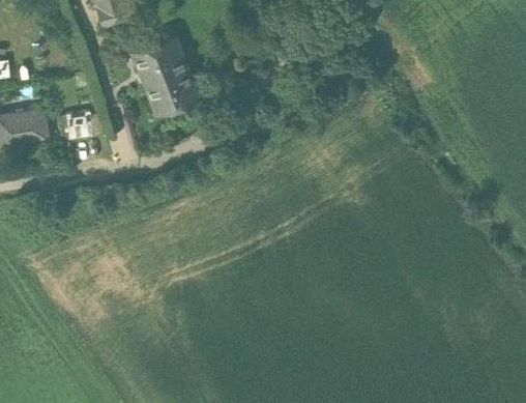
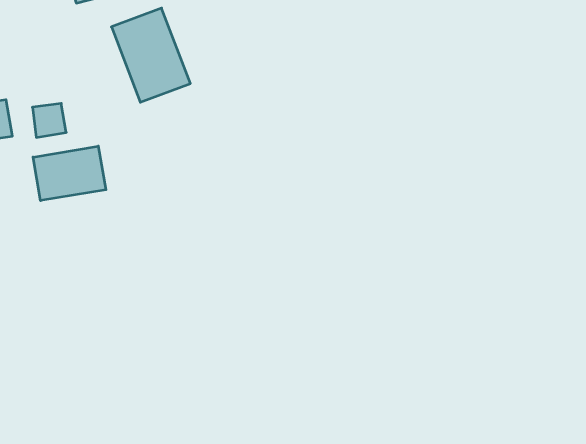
building: none -> [33,146,106,201]

